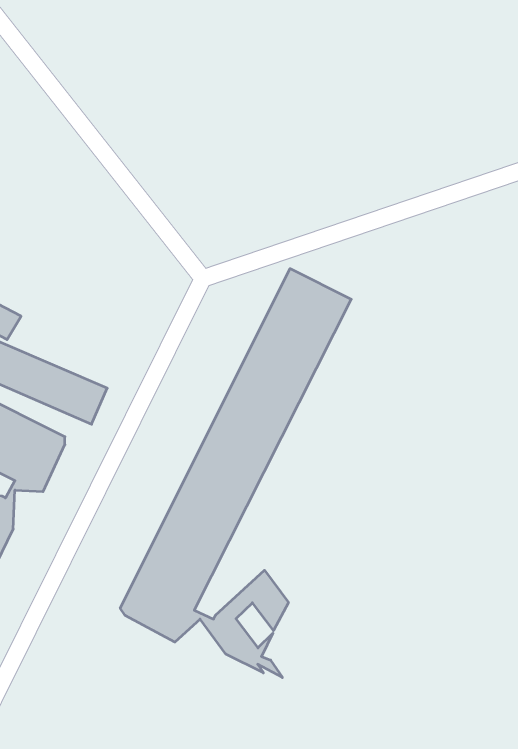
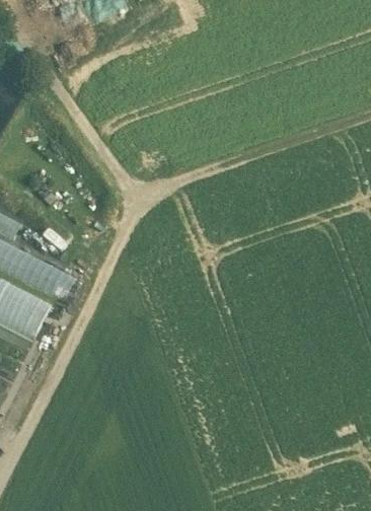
building: [120,269,351,678] -> none

